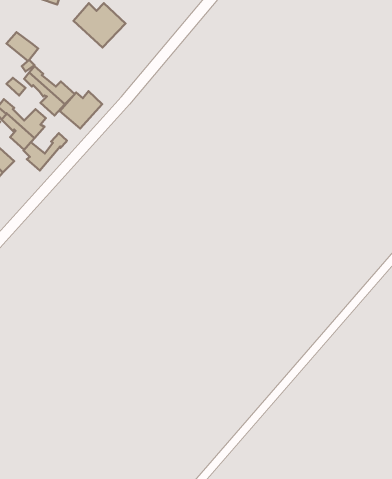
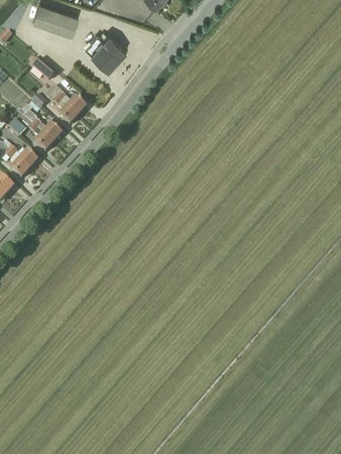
building: [60,91,102,129] -> none
building: [23,133,67,171] -> none

